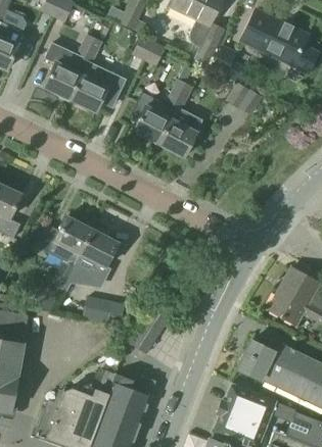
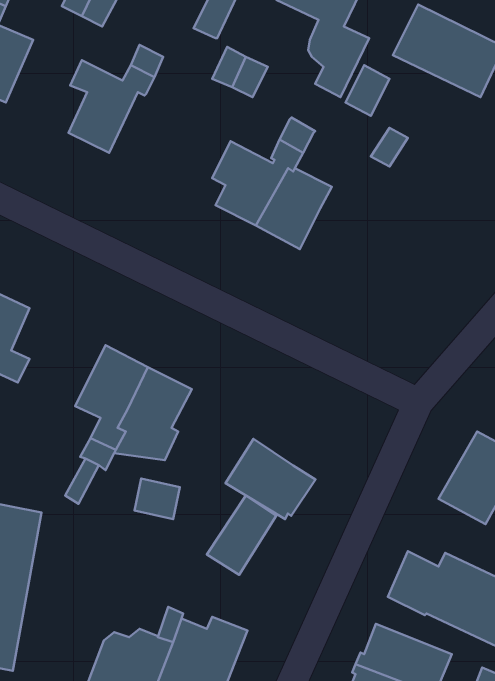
building: [68,62,126,111] -> none
building: none -> [226,439,316,519]

